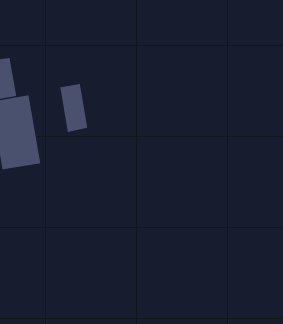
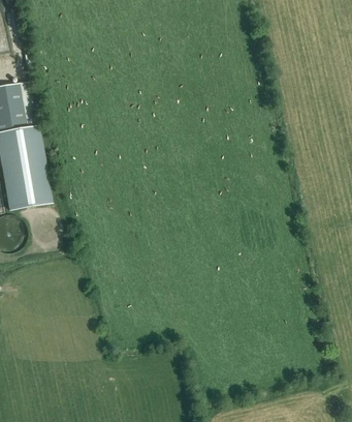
building: [59,83,88,133] -> none

